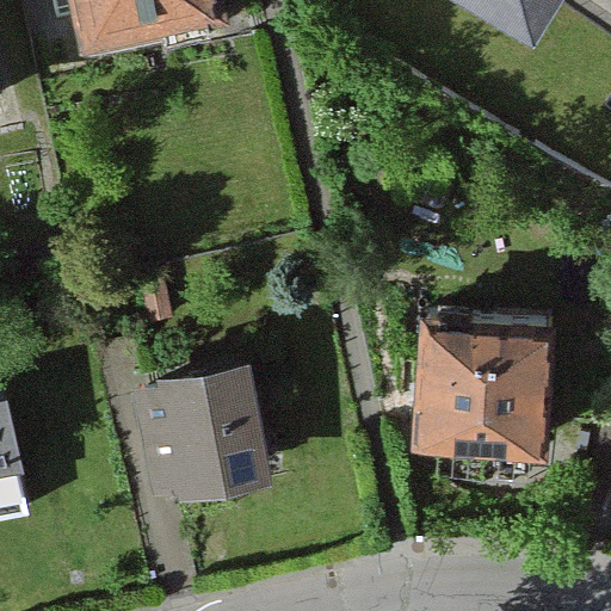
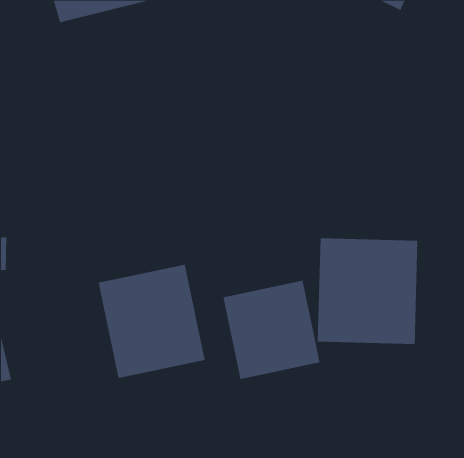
building: none -> [223,280,320,380]

